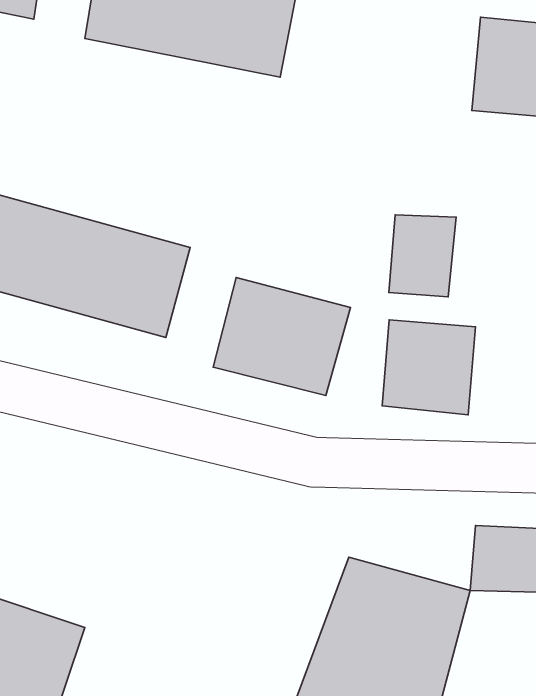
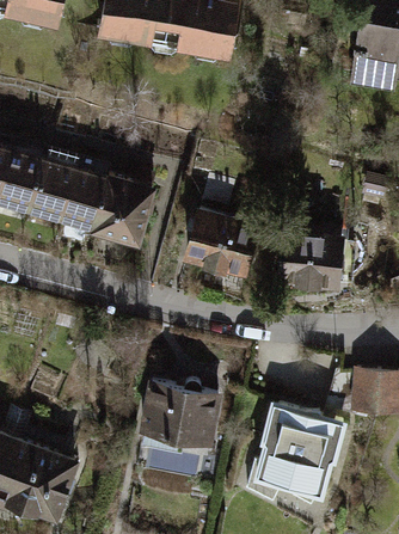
building: [389,215,456,297] -> none
building: none -> [128,375,221,460]

